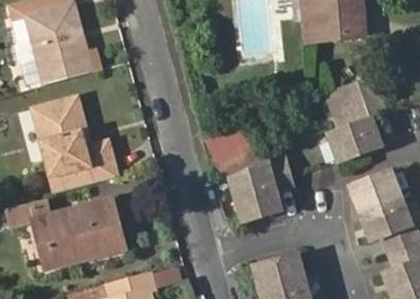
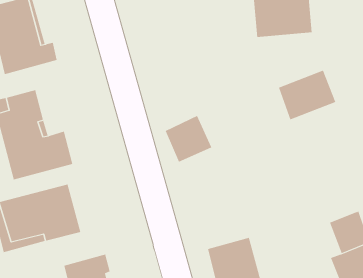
building: [323,119,379,165] -> none
building: [231,151,296,217] -> none
building: [350,173,411,241] -> none

